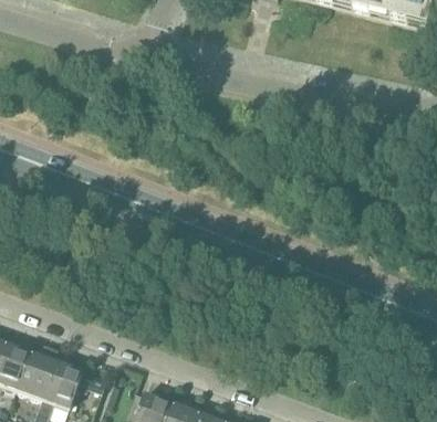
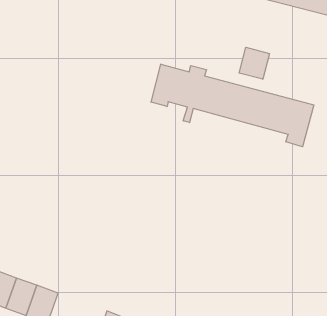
building: none -> [239,47,270,79]
building: none -> [151,64,314,147]

